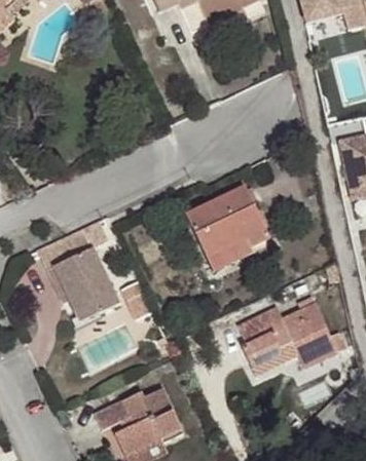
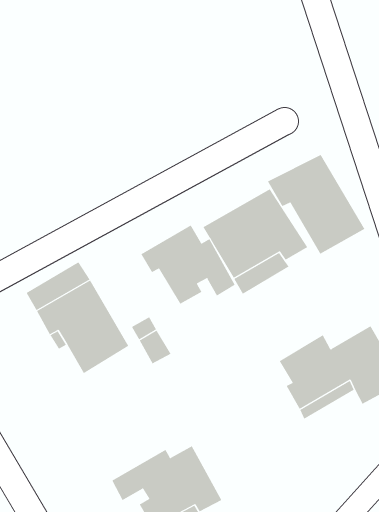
building: none -> [267,154,365,254]
building: none -> [140,225,235,304]

